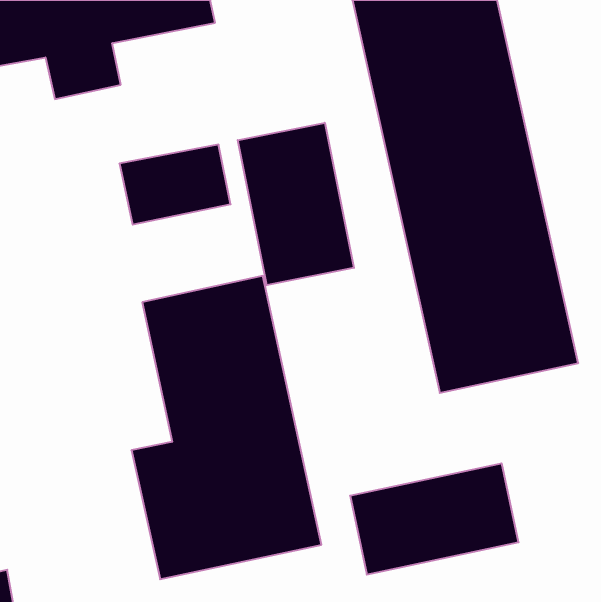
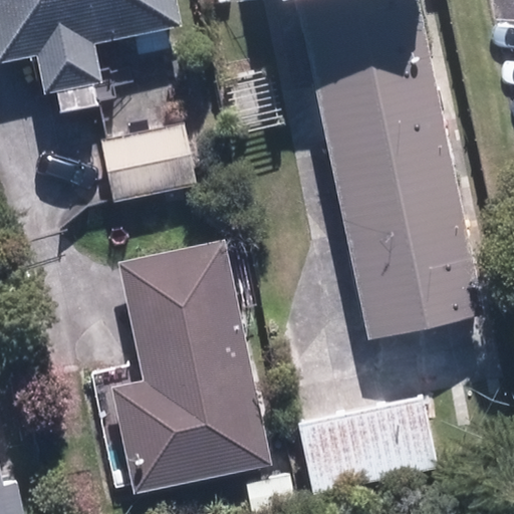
building: [238,123,354,285] -> none

